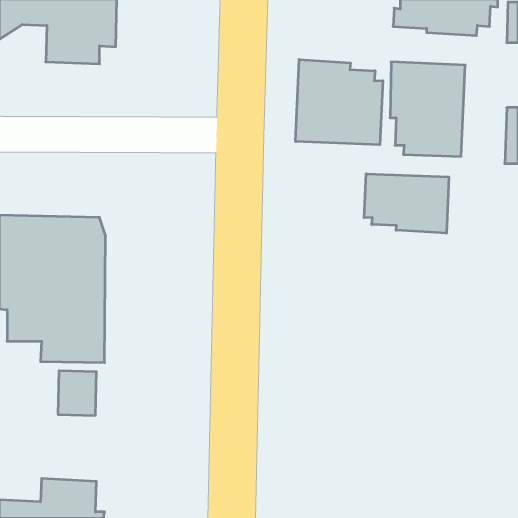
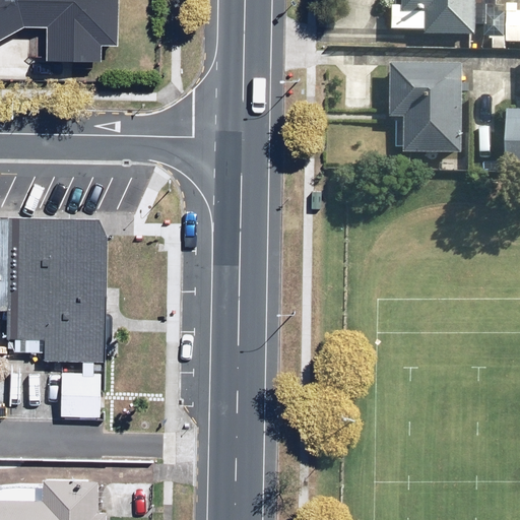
building: [296,59,383,145] -> none
building: [364,174,449,233] -> none

